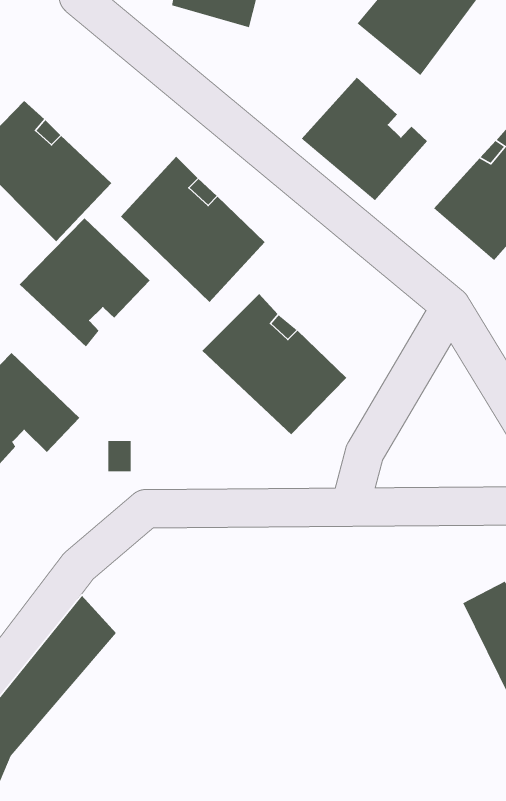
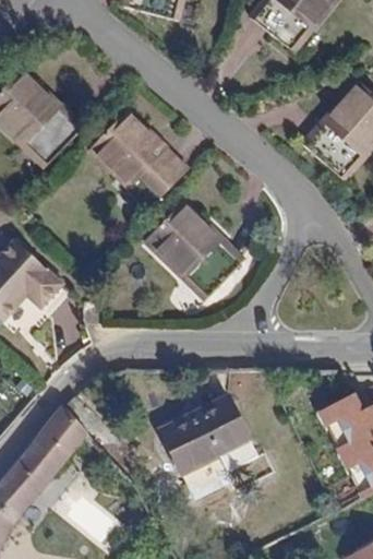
building: [301,77,428,201] -> none
building: [19,218,150,348] -> none
building: none -> [161,395,251,474]

